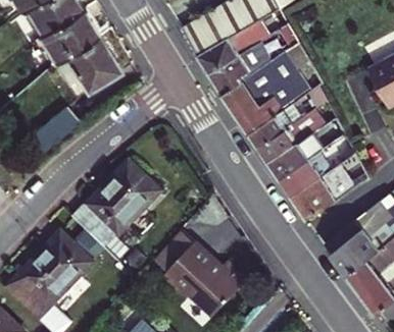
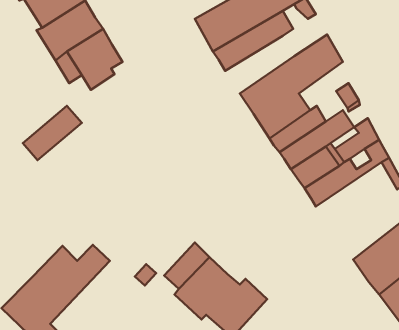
building: [208,43,270,95] -> none
building: [75,162,158,259] -> none
building: [290,163,355,221] -> none

